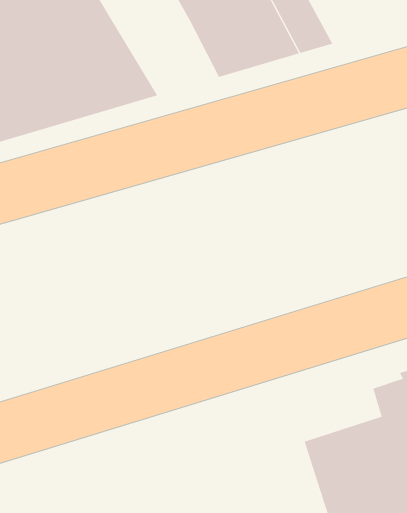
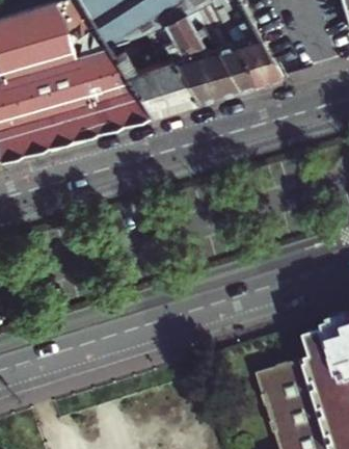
building: none -> [115,47,196,113]

